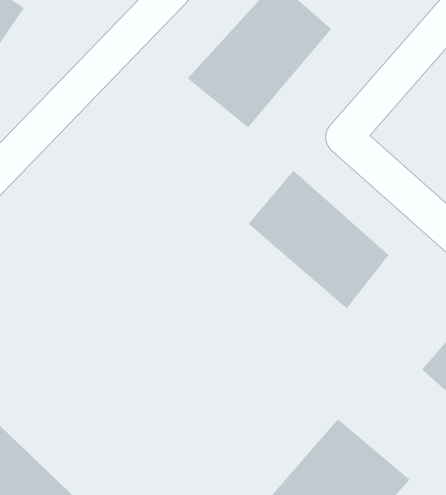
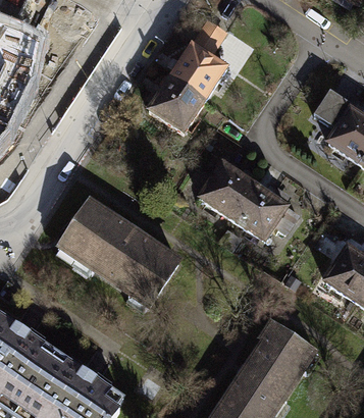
building: none -> [58,199,174,299]

